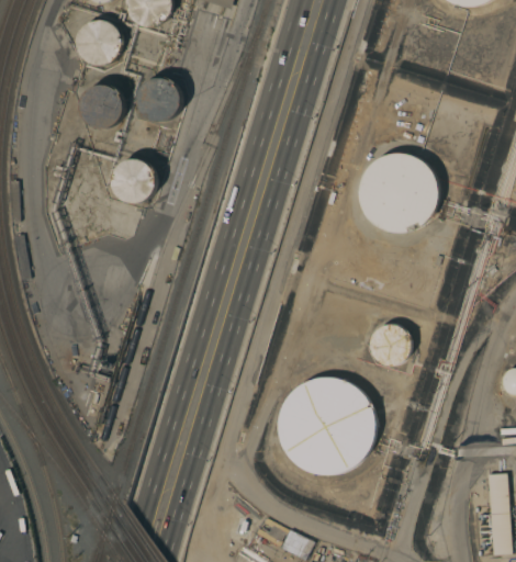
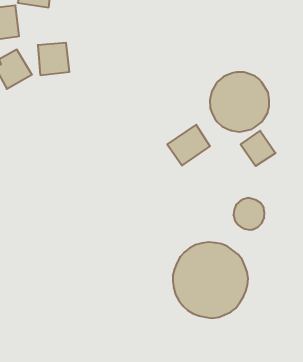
building: [114,160,154,201] -> none
building: none -> [167,125,210,166]
building: none -> [241,131,276,166]

